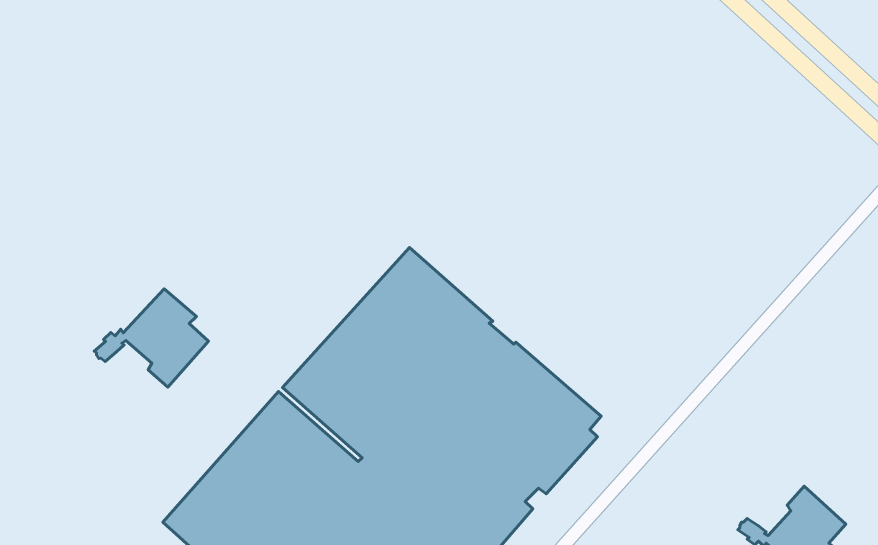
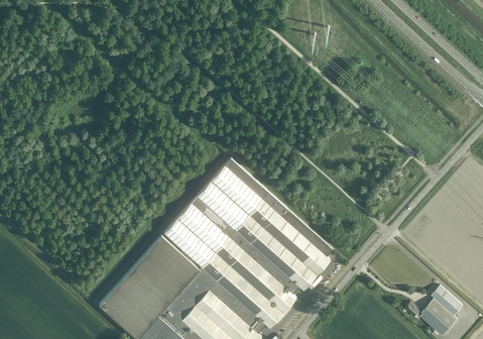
building: [94,289,209,387] -> none

